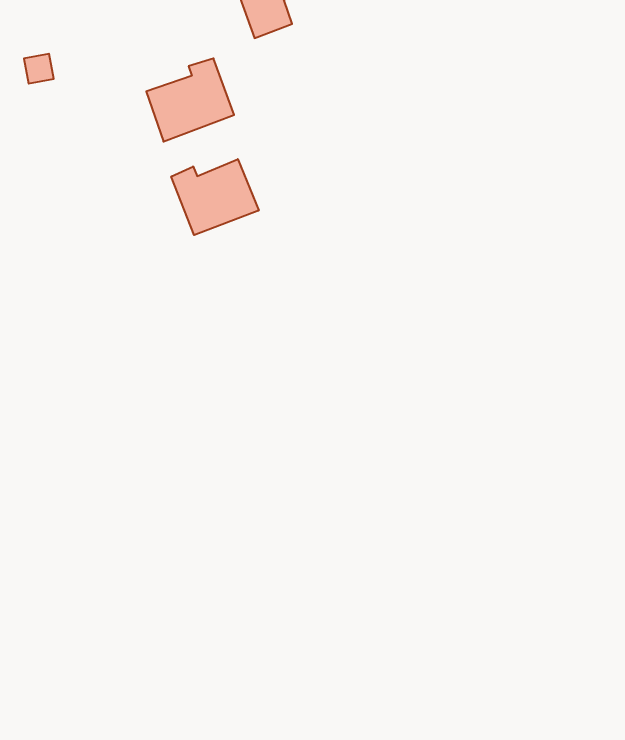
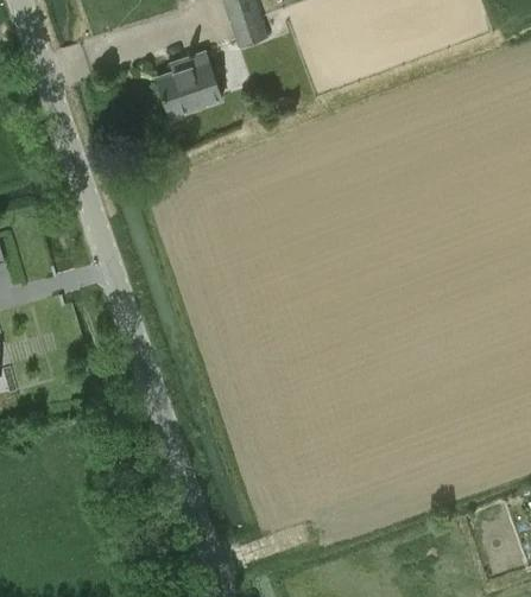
building: [171,159,259,235] -> none

